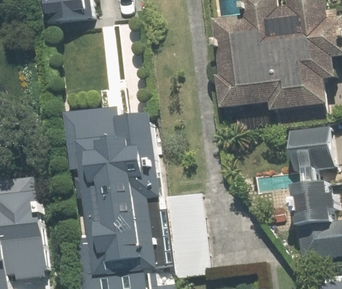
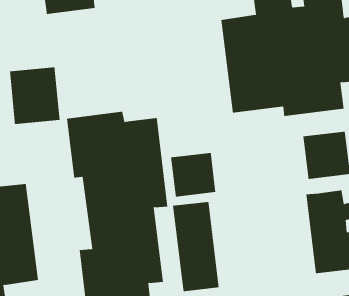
building: none -> [9,66,60,125]
building: none -> [171,152,216,197]

